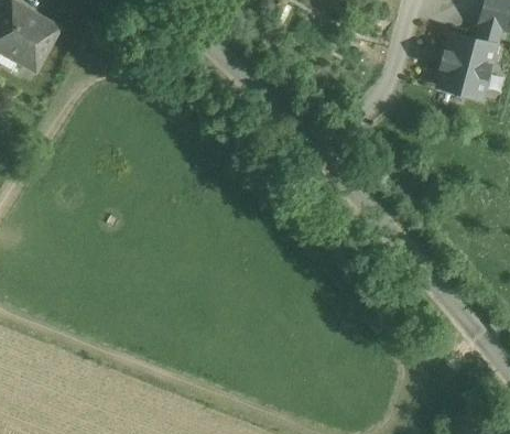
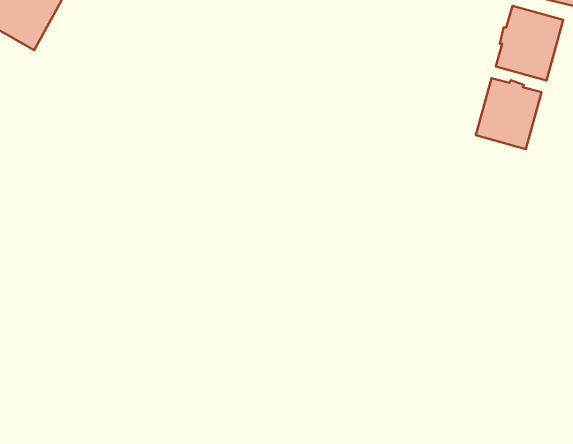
building: none -> [476,78,542,149]

